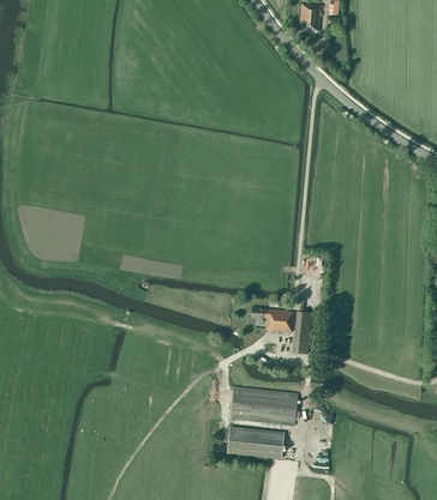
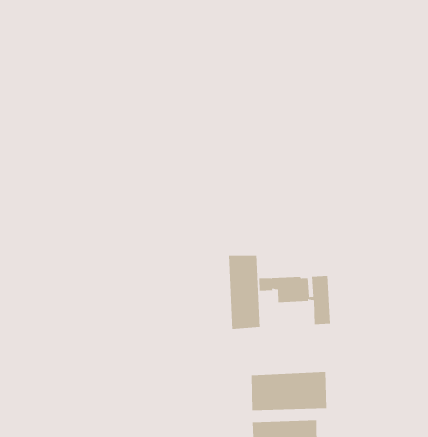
building: none -> [229,255,260,330]

